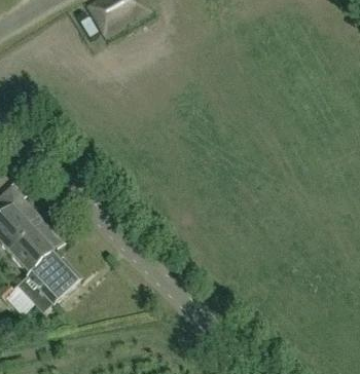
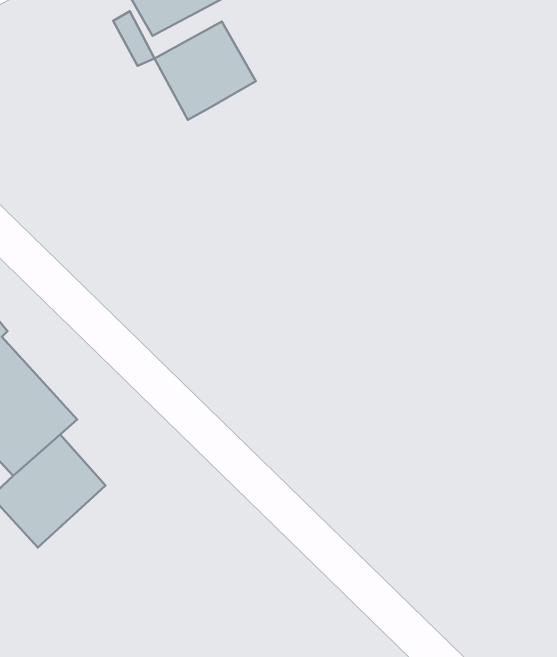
building: none -> [154,21,256,120]

